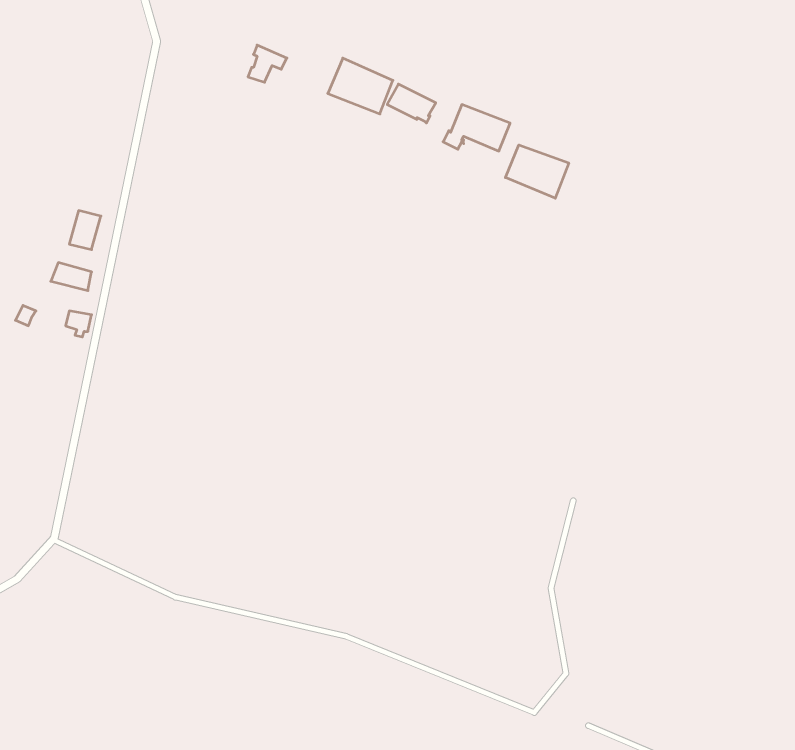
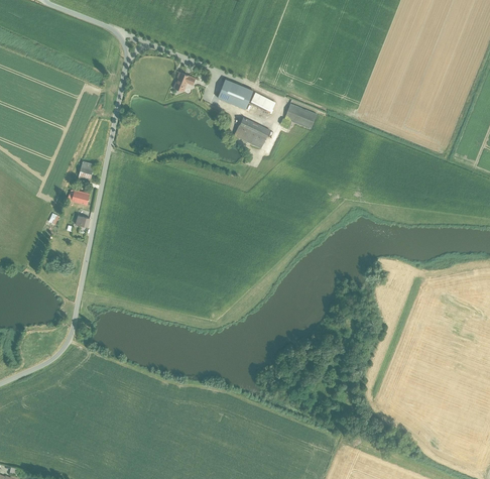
building: none -> [234,117,270,148]
building: [505,145,569,198] -> none

